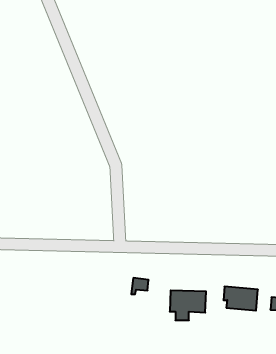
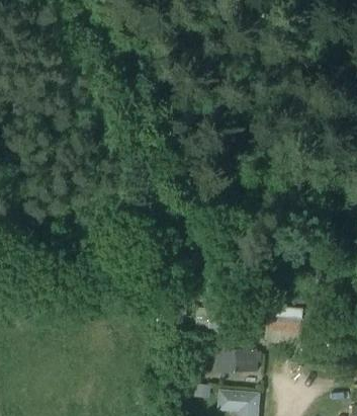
building: none -> [215,345,257,375]

